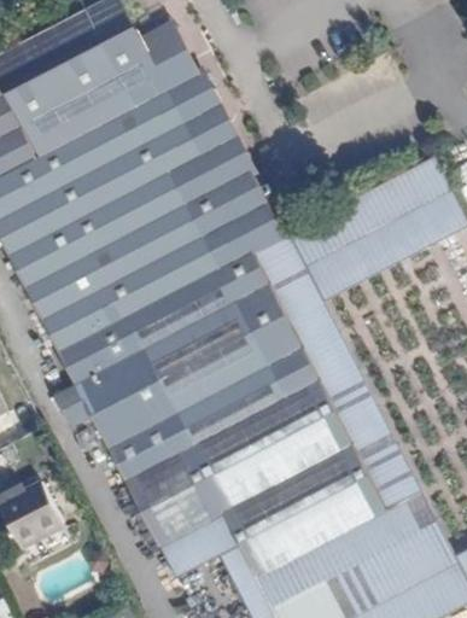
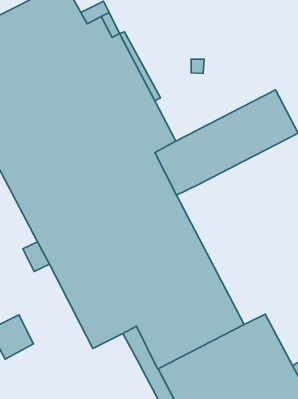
building: [281,293,414,503] -> none
building: [156,517,217,571] -> none

